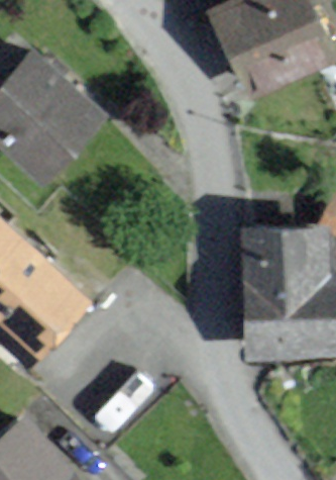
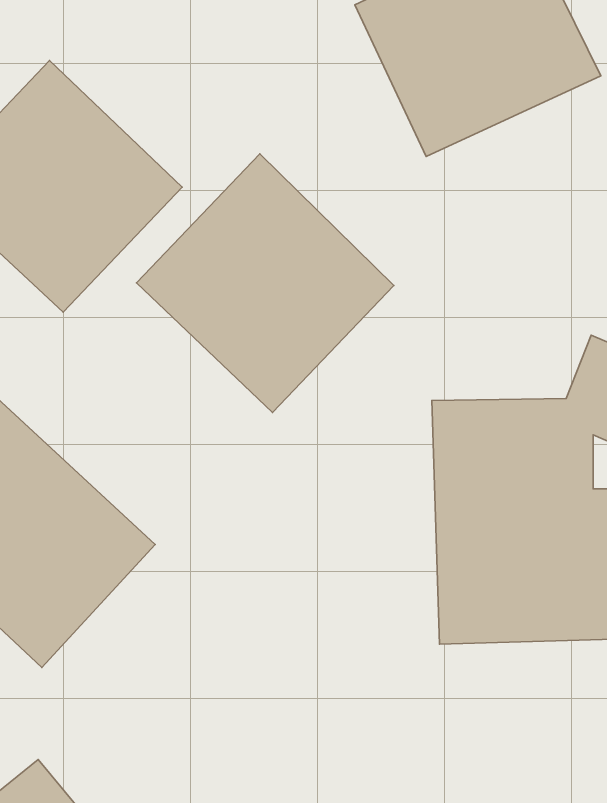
building: none -> [137,154,394,412]

